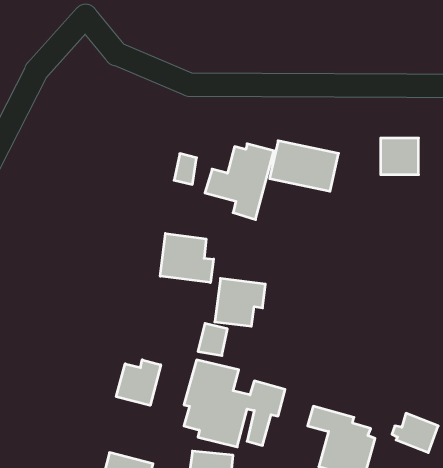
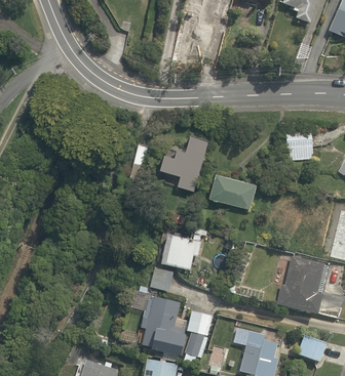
building: [270,141,339,191] -> [209,174,260,211]
building: [160,233,214,283] -> none
building: none -> [275,255,323,315]
building: [116,360,161,405] -> none

